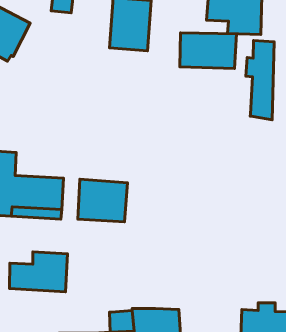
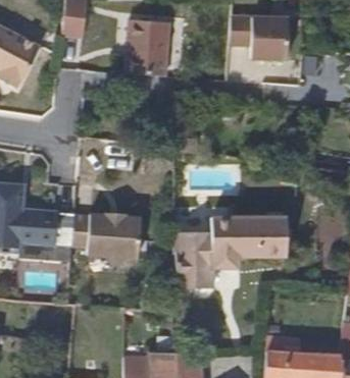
building: [180,33,236,69] -> none
building: [246,41,274,120] -> none
building: none -> [172,218,286,288]
building: [10,252,68,292] -> none

